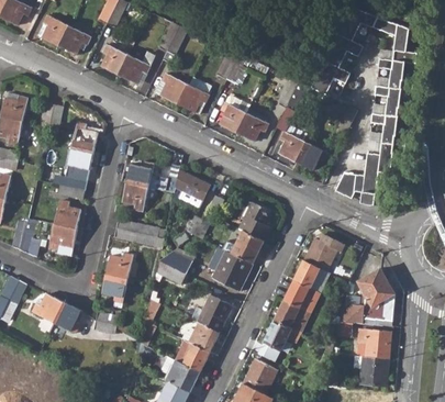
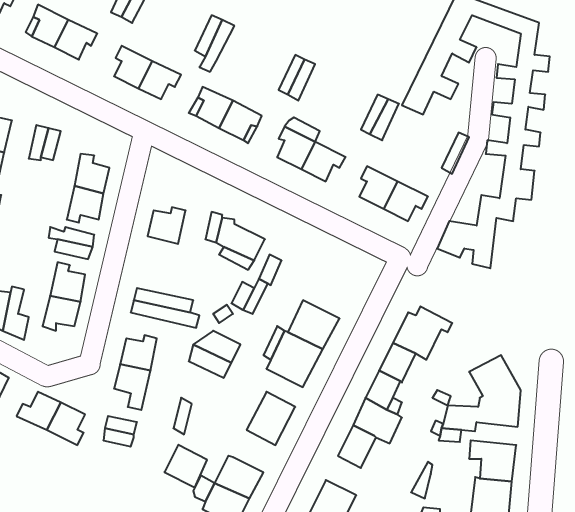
building: [121,182,147,212] -> none
building: [237,202,270,242] -> none
building: [187,322,218,353] -> [164,445,207,487]

